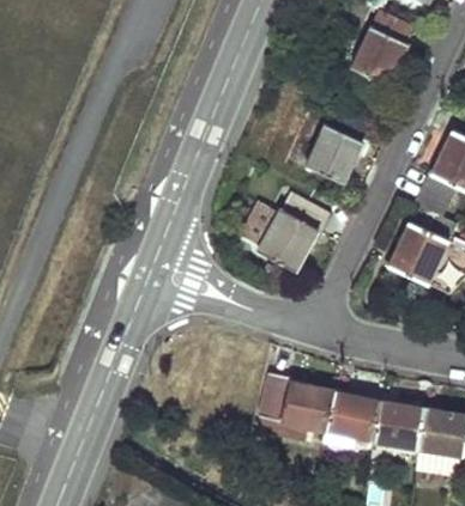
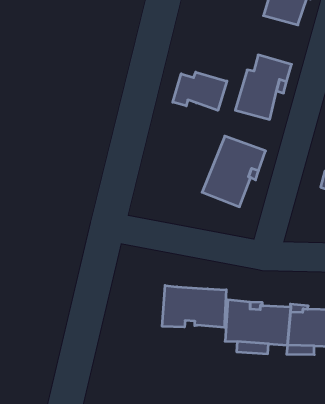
building: none -> [173,72,227,110]
building: none -> [162,285,226,327]

